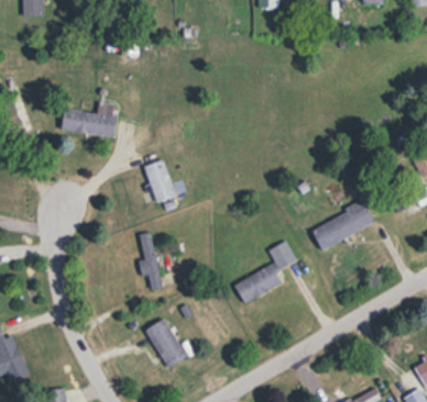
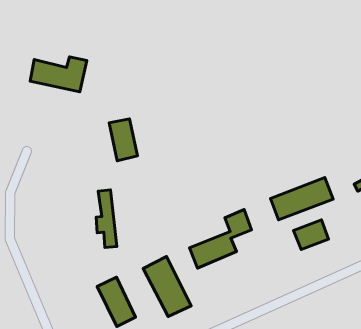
building: none -> [294,220,329,249]
building: none -> [143,257,191,317]

